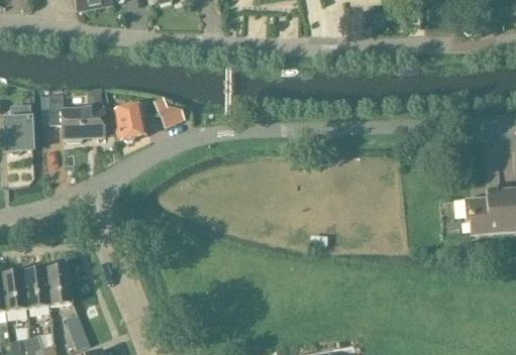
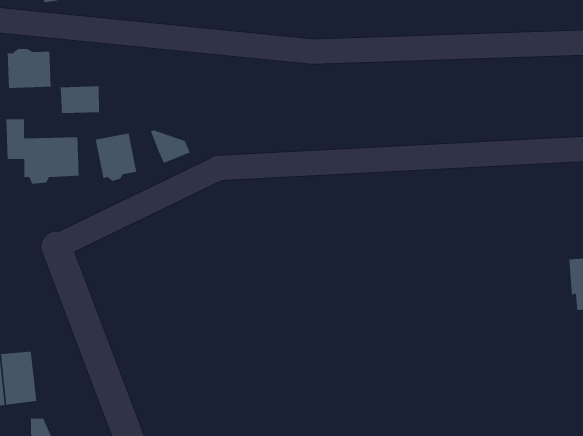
building: none -> [7,48,51,89]
building: none -> [60,86,100,114]

